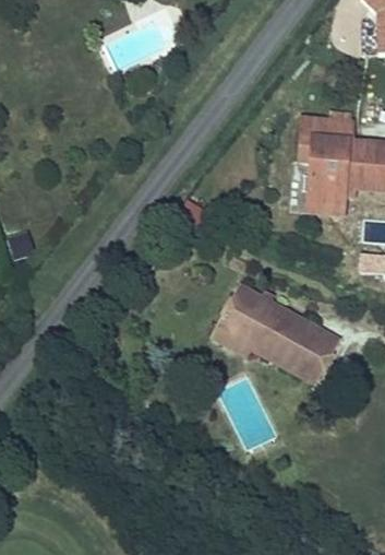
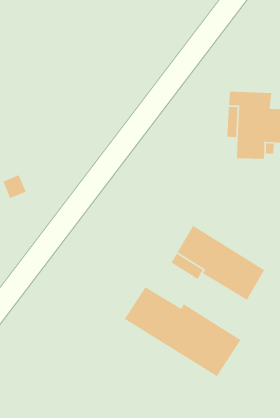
building: none -> [124,286,242,377]

